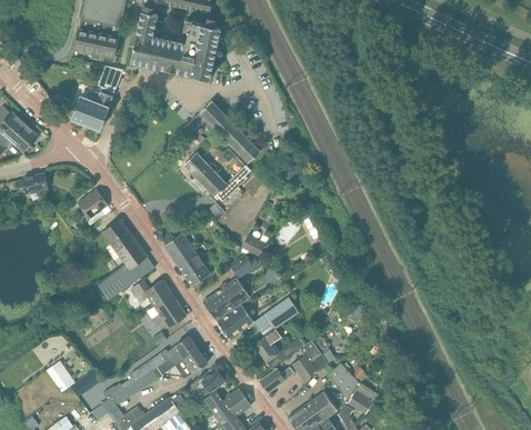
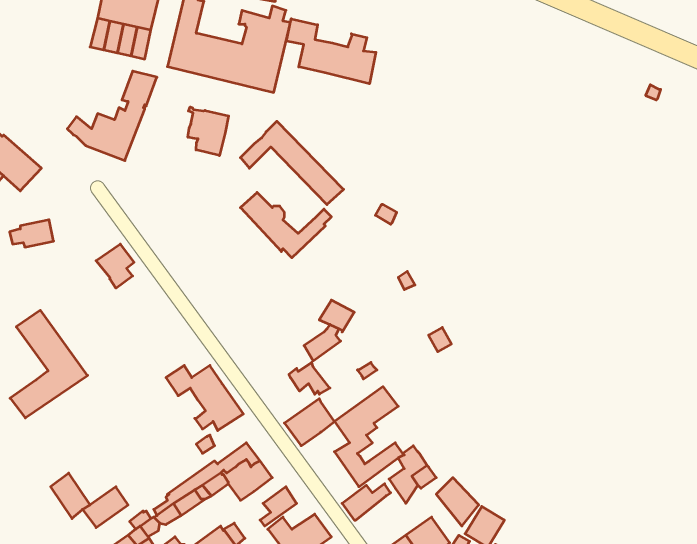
building: none -> [286,19,376,84]
building: none -> [188,107,229,156]
building: [98,220,154,299] -> [10,310,88,418]
building: [163,232,210,287] -> none
building: [202,289,242,321] -> none

